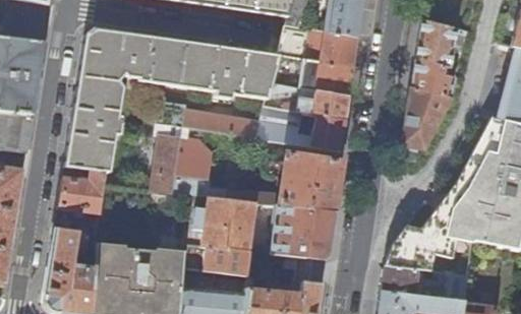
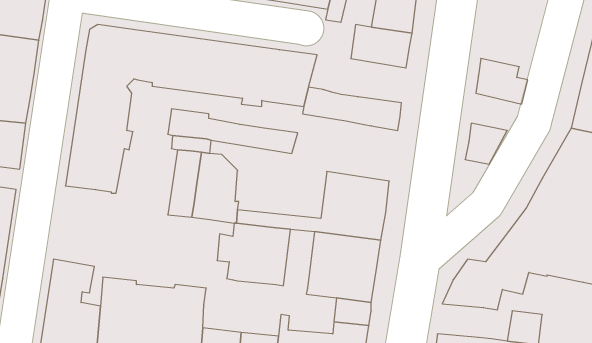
building: [417,18,469,66] -> none
building: [299,58,354,96] -> none
building: [409,87,452,119] -> none
building: [257,105,347,151] -> none
building: [59,169,105,213] -> none
building: [205,245,250,274] -> none
building: [381,265,422,294] -> none

